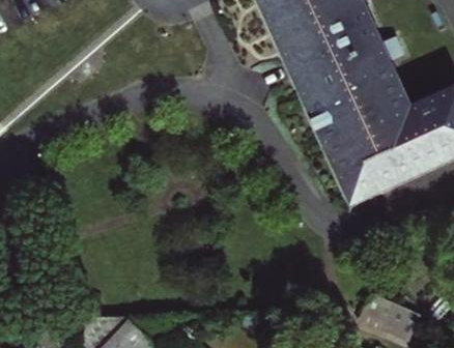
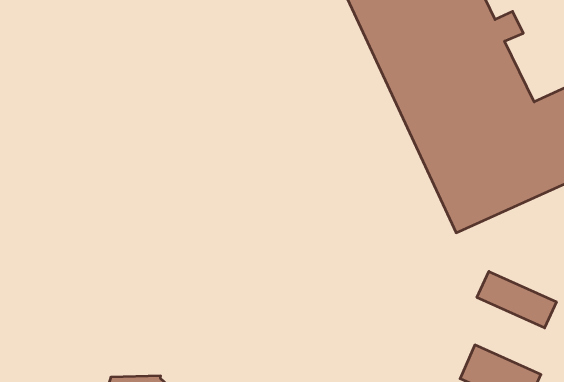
building: none -> [477,271,556,328]

